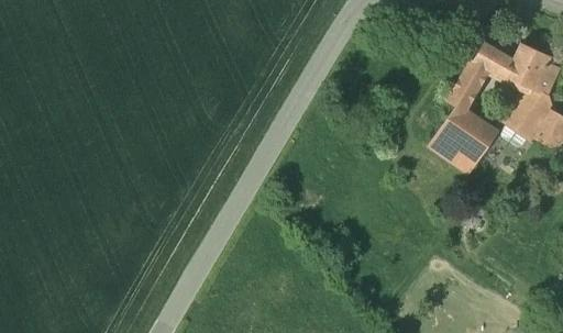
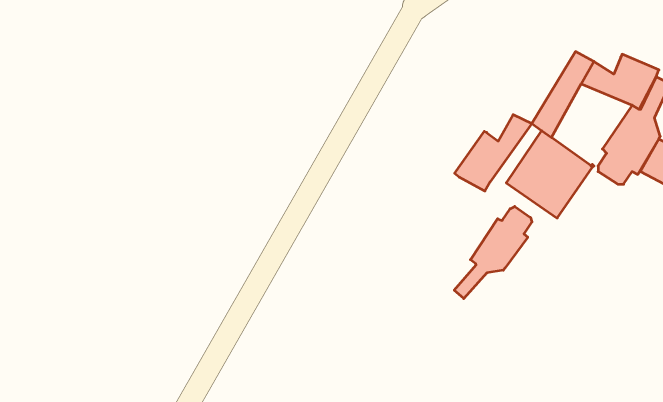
building: none -> [455,115,532,191]
building: none -> [454,206,532,299]

